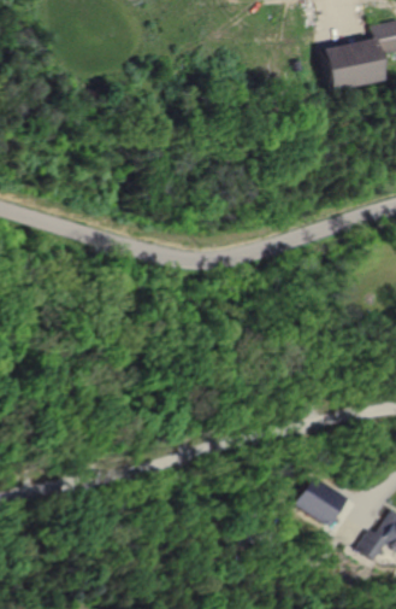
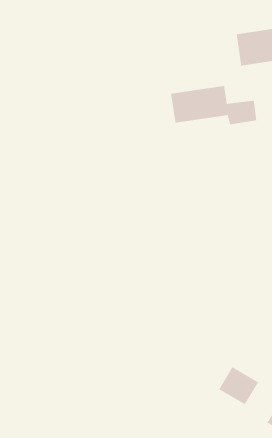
building: none -> [170,85,257,125]

